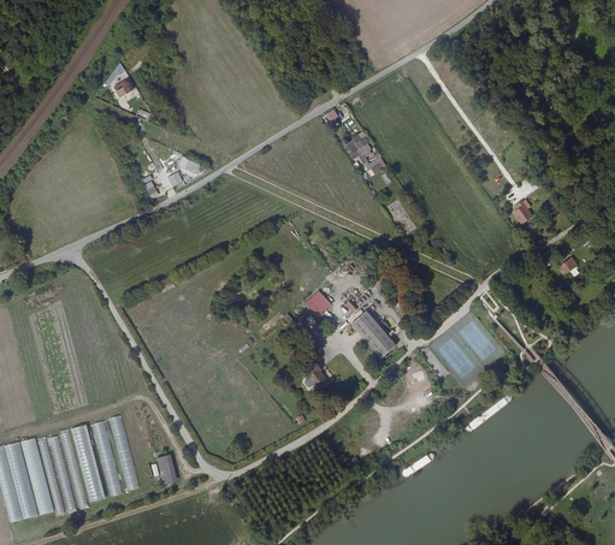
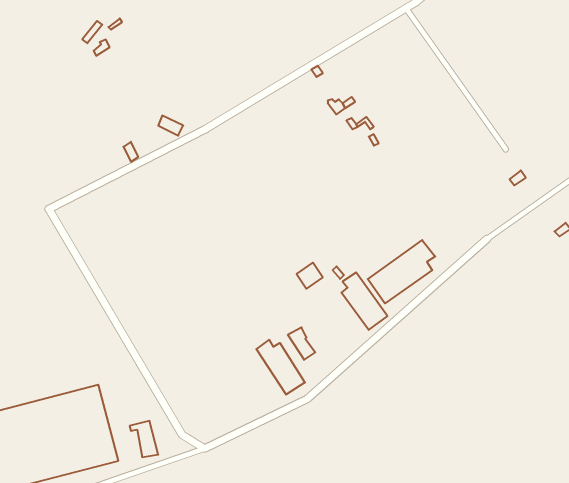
building: none -> [368,240,435,303]
building: none -> [256,340,305,395]

